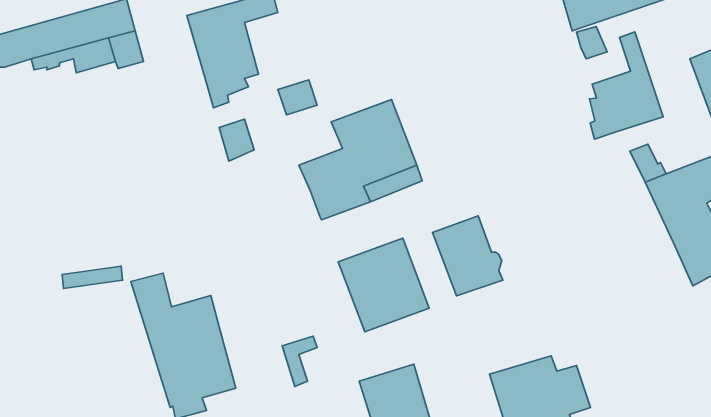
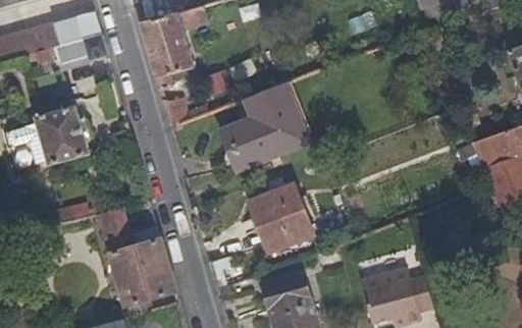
building: [590,32,663,139] -> none
building: none -> [24,107,91,167]
building: [432,216,503,296] -> none

